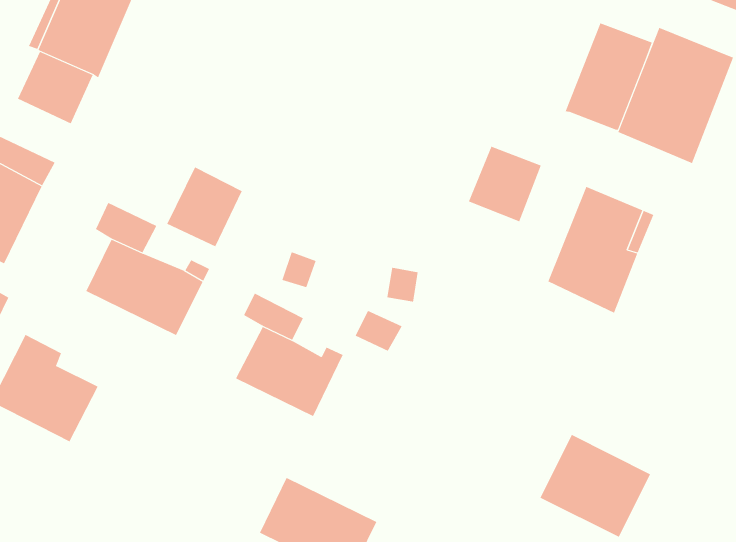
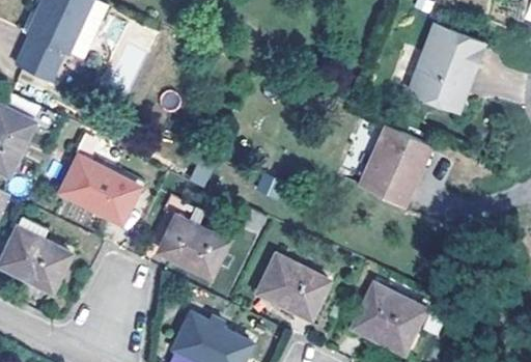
building: [565,23,653,131] -> none
building: [468,146,541,222] -> none
building: [167,167,243,247] -> none
building: none -> [255,255,325,317]

